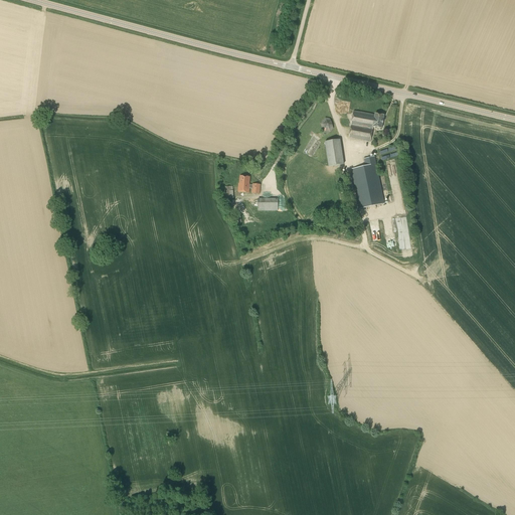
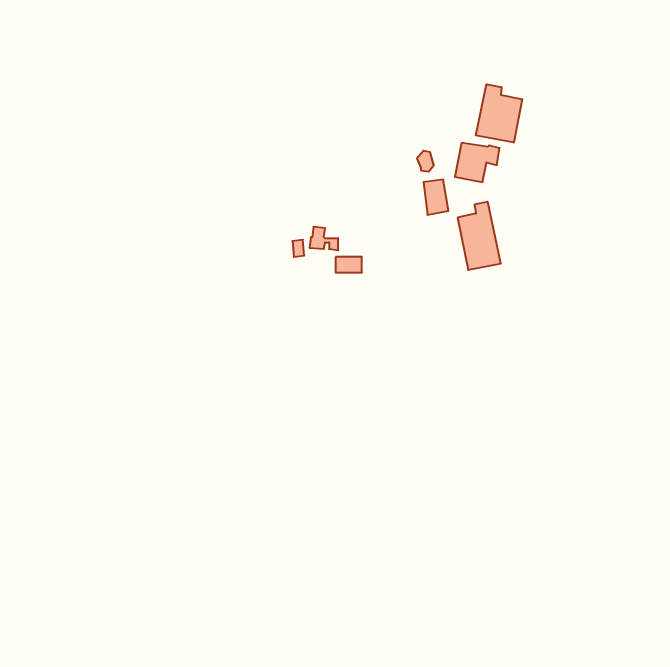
building: none -> [476,84,522,143]

